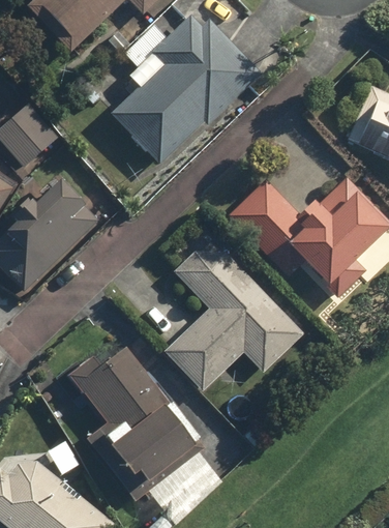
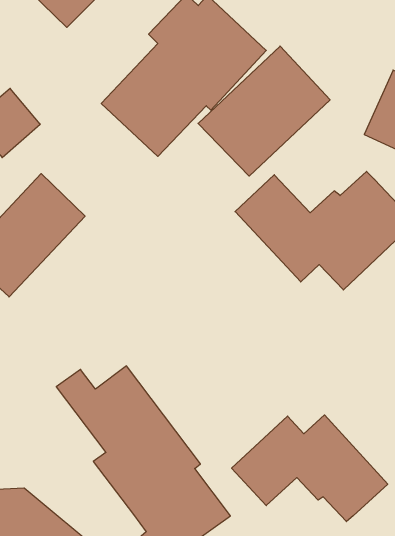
building: none -> [198,46,330,176]
building: [163,233,304,392] -> none
building: none -> [232,415,388,522]

